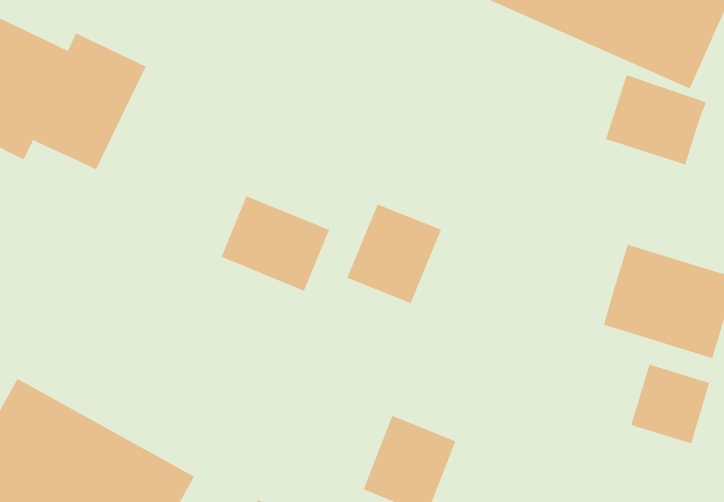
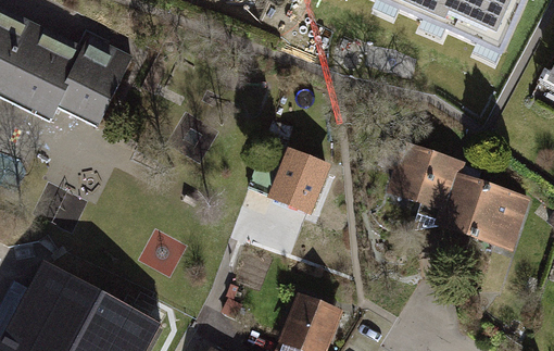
building: [605,75,707,165] -> [392,146,461,206]
building: [221,196,330,291] -> none
building: [631,364,710,444] -> none

